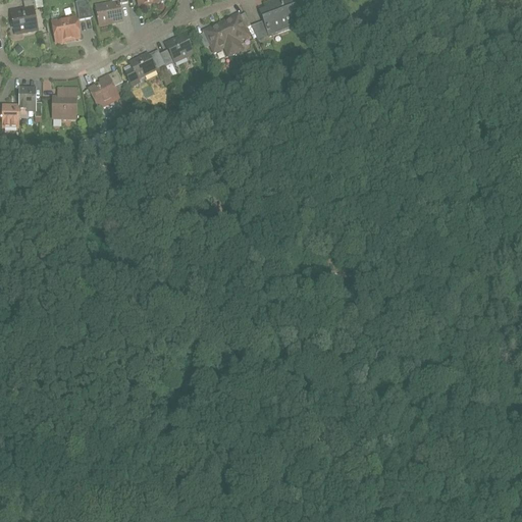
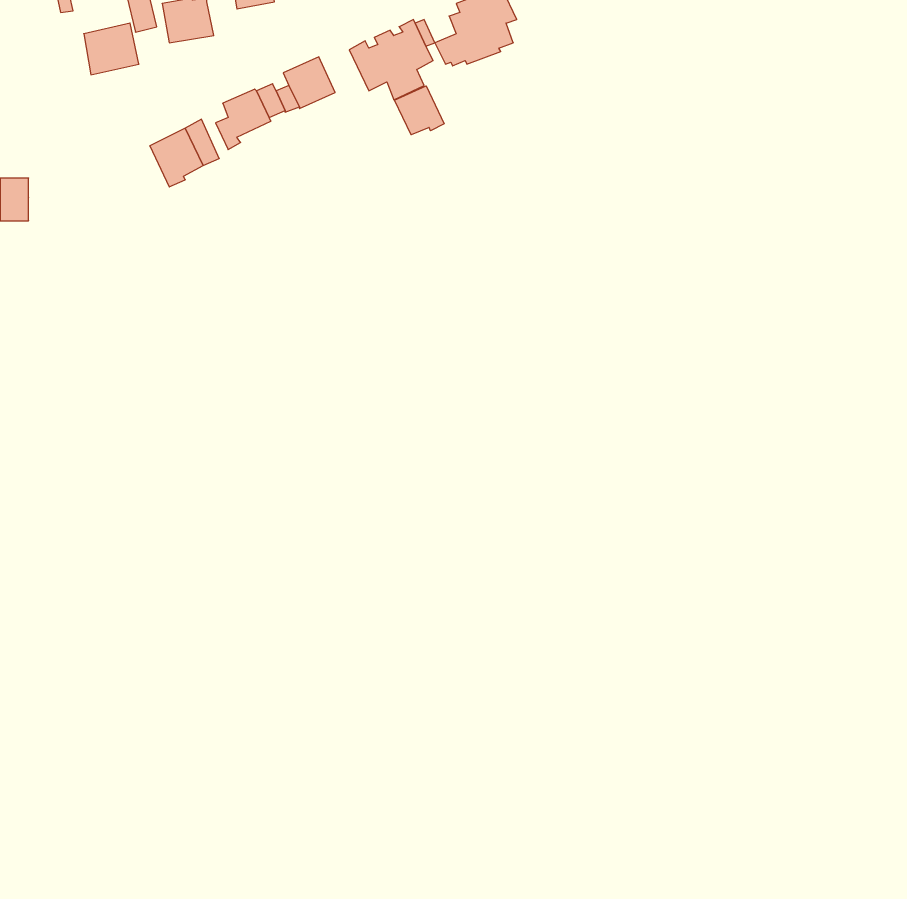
building: [10,5,39,35] -> none
building: none -> [395,86,444,135]
building: [18,84,36,113] -> none
building: [52,87,77,119] -> none

